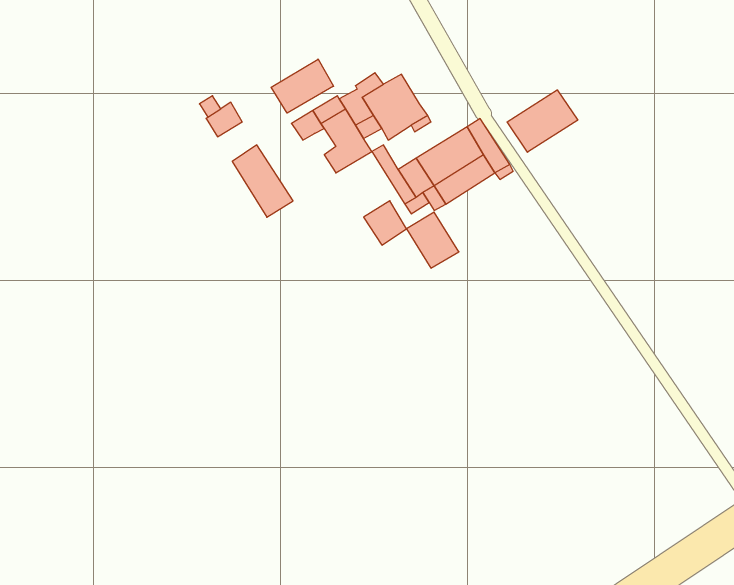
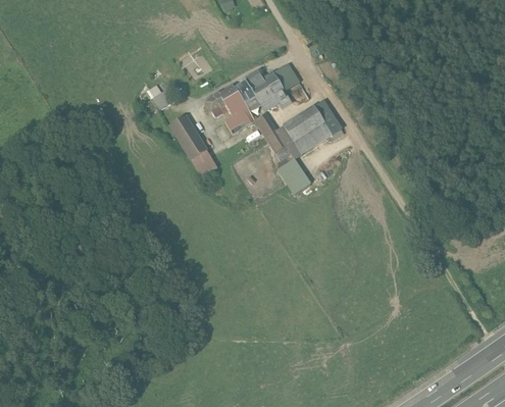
building: none -> [273,61,300,90]
building: [271,59,334,113] -> none
building: [507,90,578,152] -> none
building: [364,201,406,245] -> [190,150,216,177]

